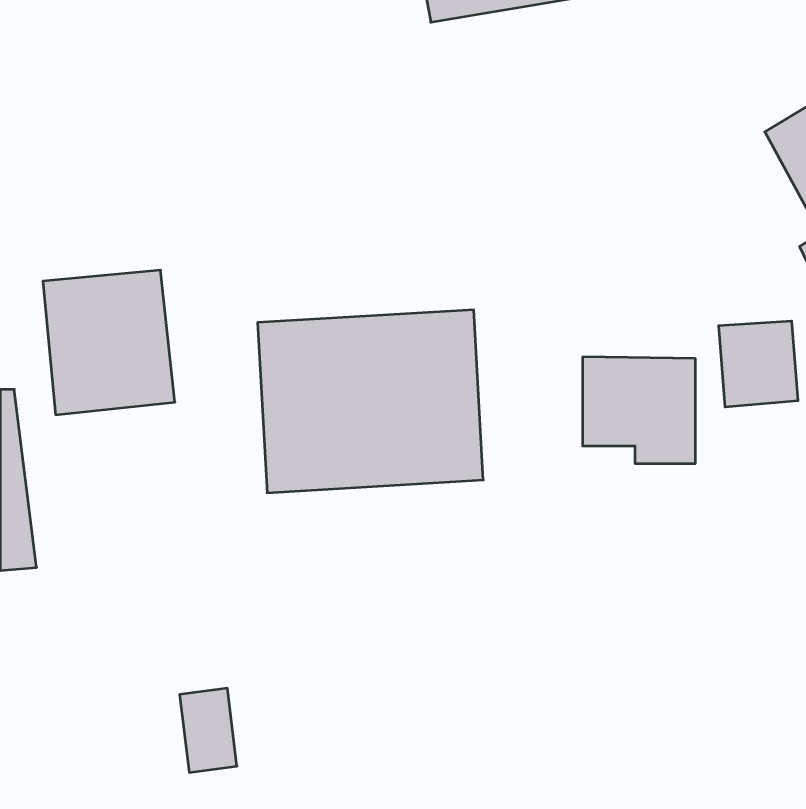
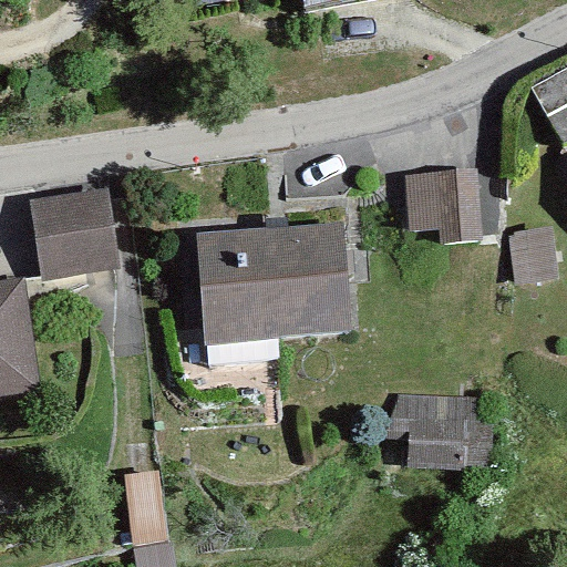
building: [583,357,695,463] -> [395,167,474,241]
building: none -> [396,396,485,476]

